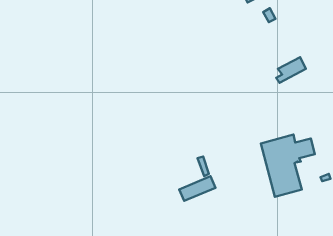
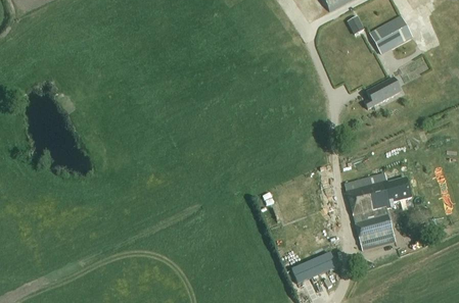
building: none -> [369,15,413,54]
building: [179,176,215,201] -> [291,252,336,283]

